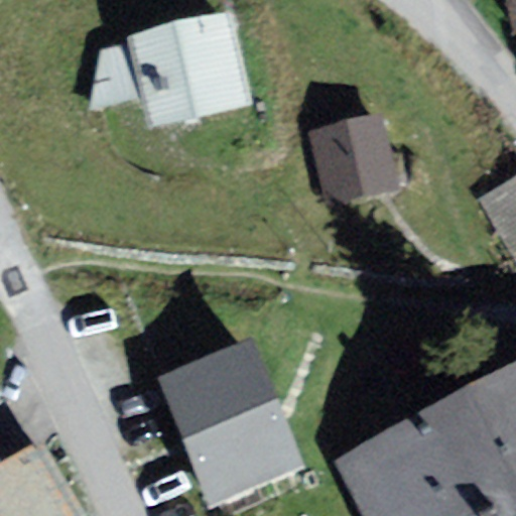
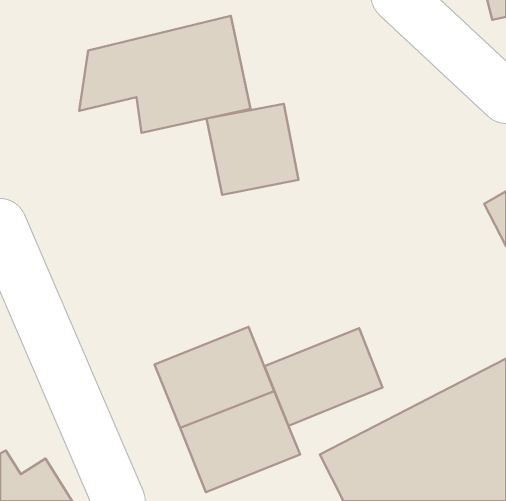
building: [303,116,397,209] -> [206,104,299,195]
building: none -> [265,328,382,426]

